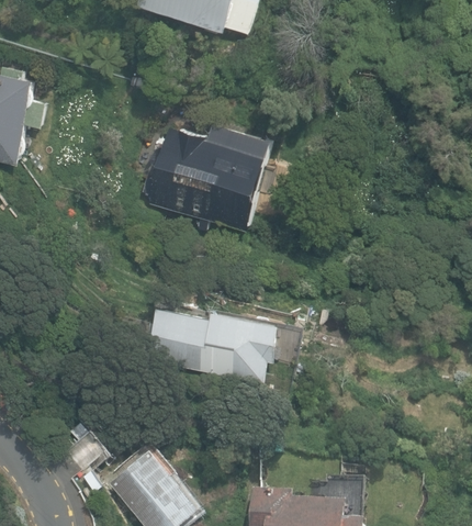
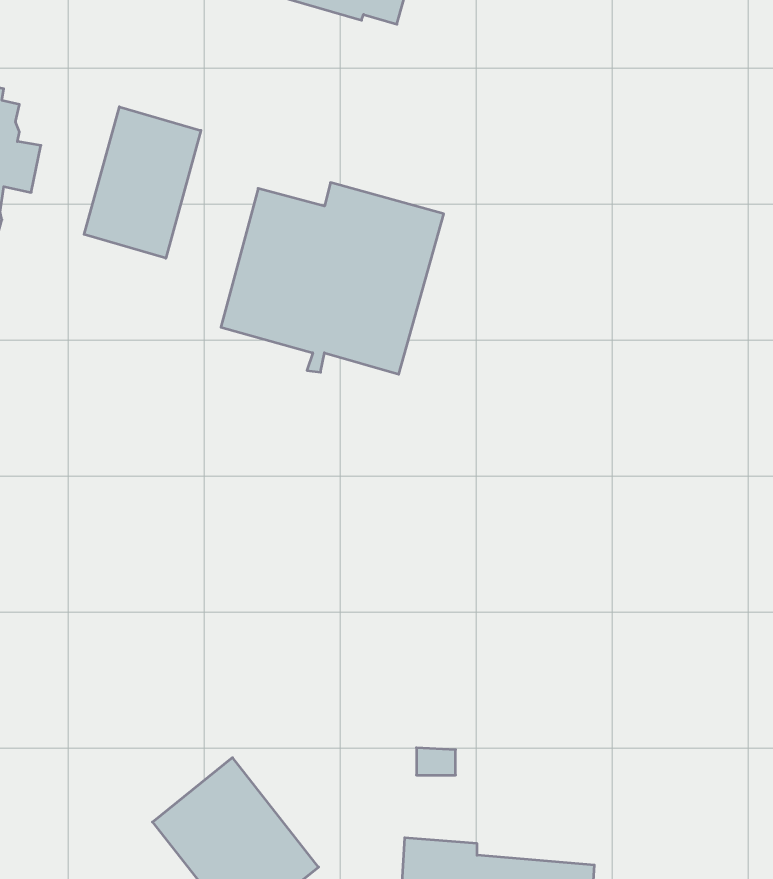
building: none -> [84,107,201,258]
building: [145,305,279,382] -> none

